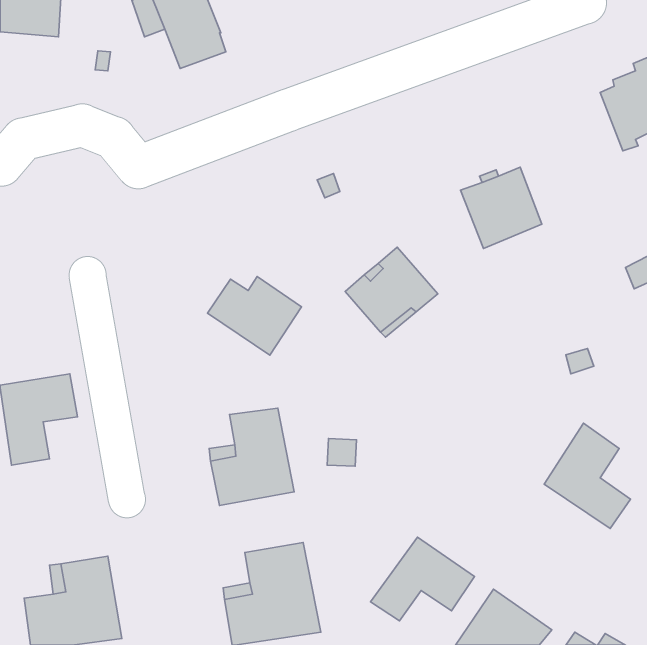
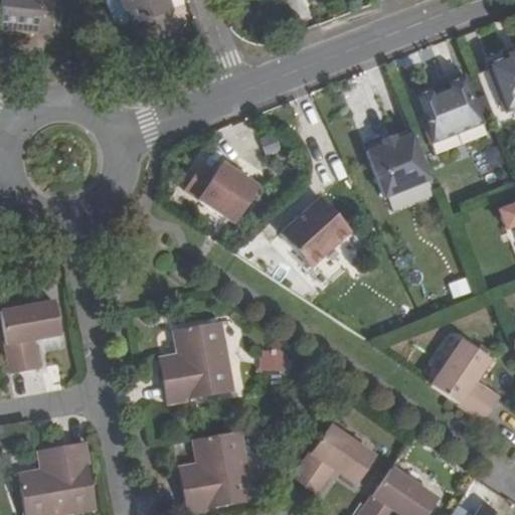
building: none -> [411,74,483,143]
building: [208,276,301,355] -> [186,159,261,221]

